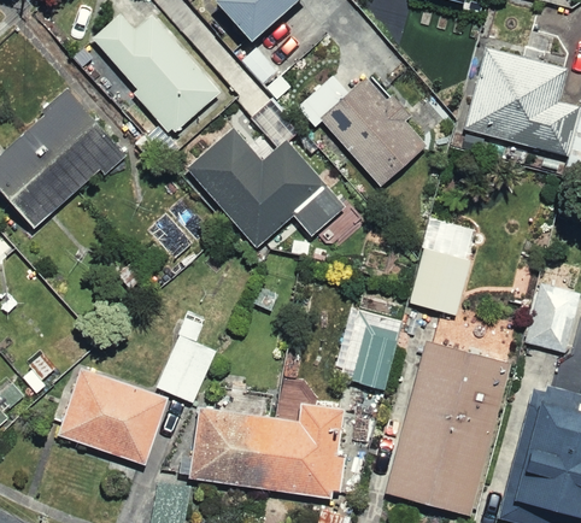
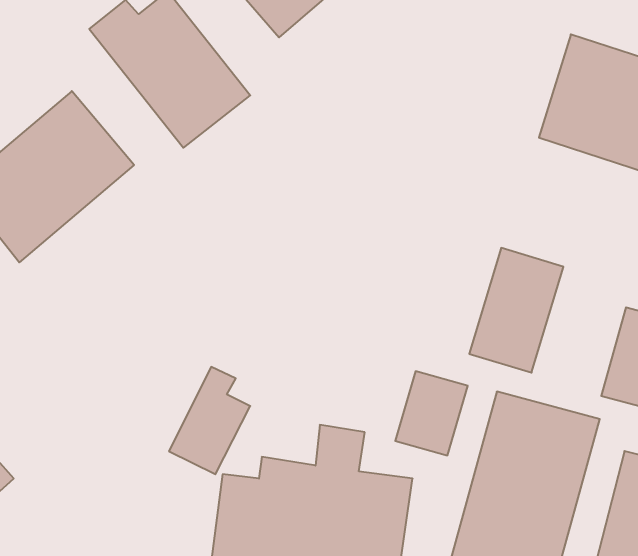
building: [324,75,432,184] -> none
building: [174,96,353,252] -> none
building: [55,368,171,465] -> none

